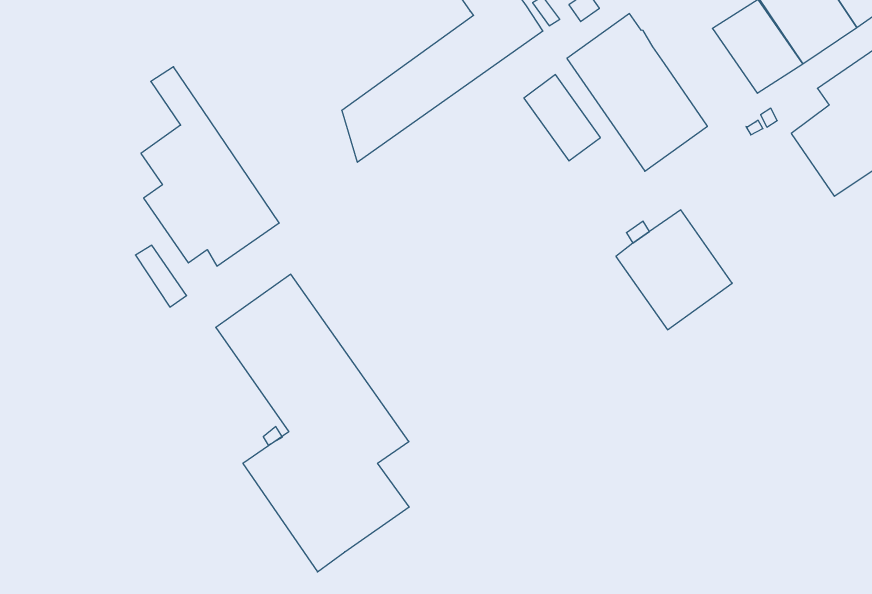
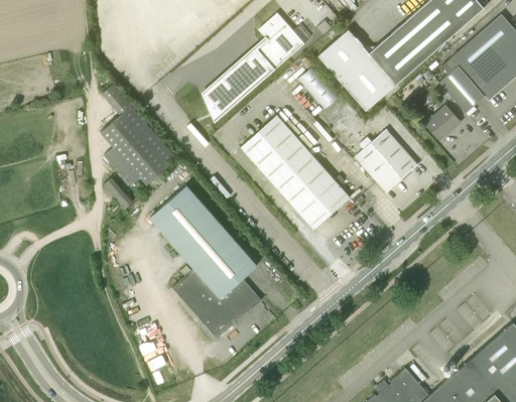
building: none -> [369,32,419,84]
building: none -> [241,115,350,230]
building: none -> [425,106,461,140]

